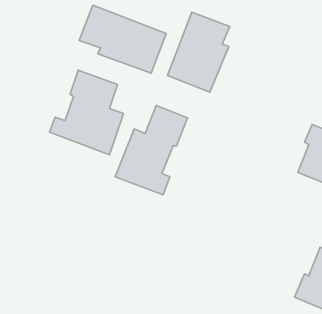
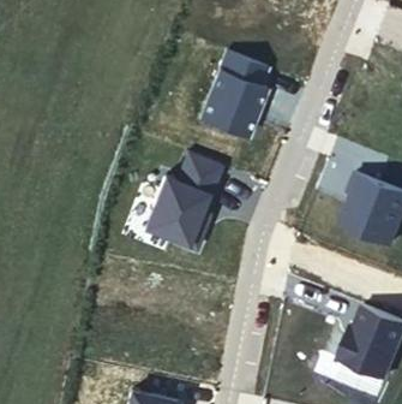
building: [79,5,166,73] -> none
building: [50,70,124,155] -> none

